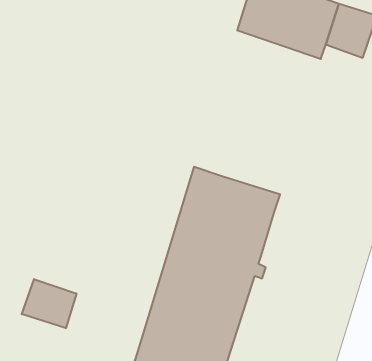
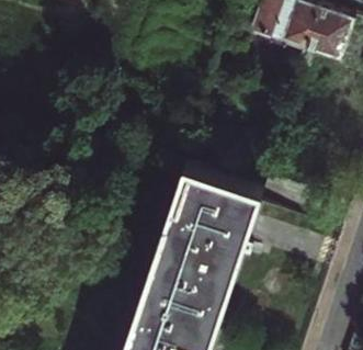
building: [22,279,76,328] -> none

